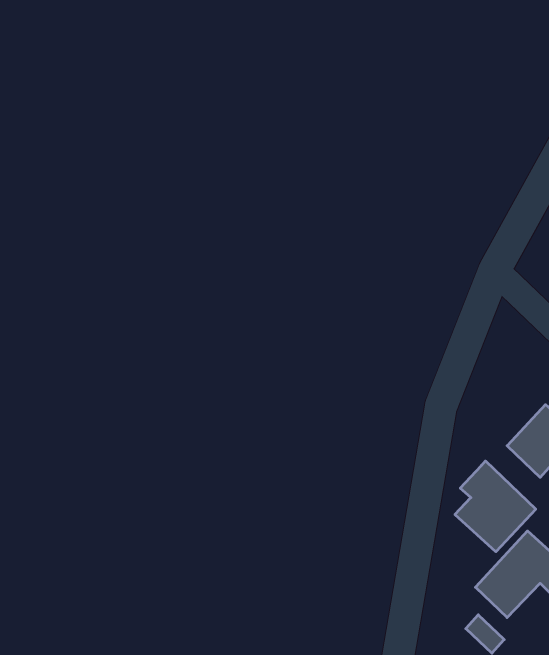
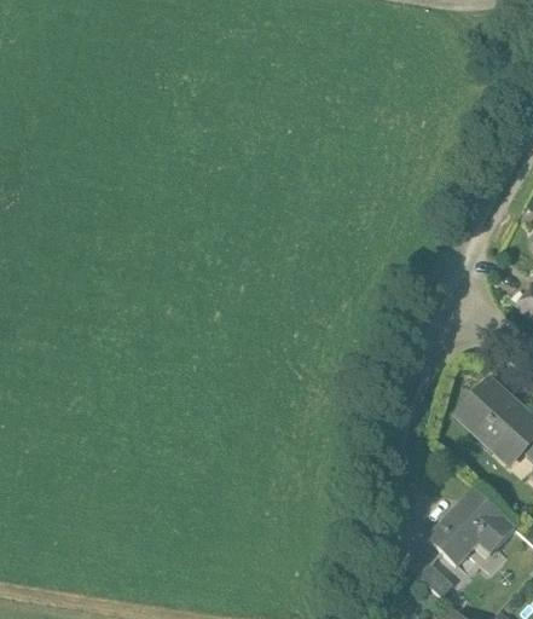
building: [455,461,536,552] -> none

